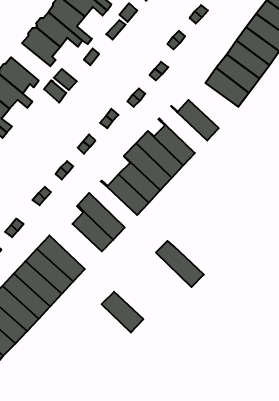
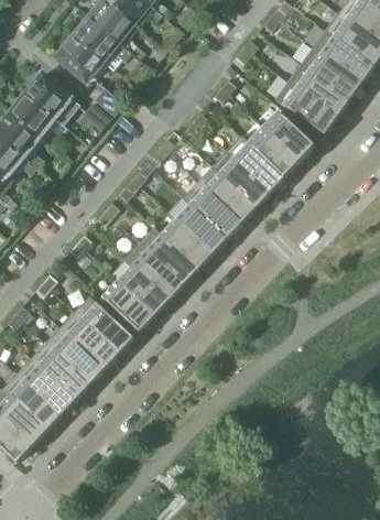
building: none -> [262,110,315,161]
building: none -> [226,133,285,192]
building: [156,241,204,287] -> [139,227,198,284]
building: [102,292,143,333] -> [102,280,154,331]

